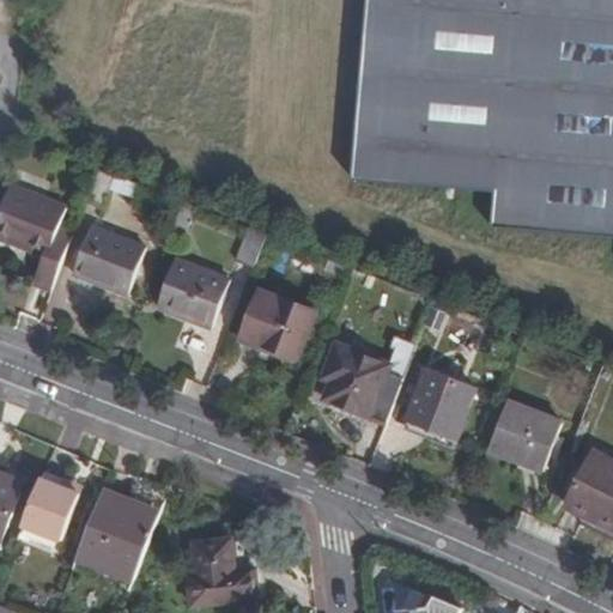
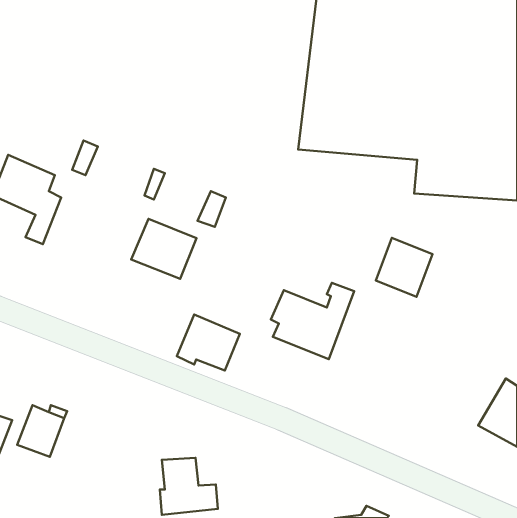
building: [72,224,144,293] -> none
building: [239,287,314,353] -> [177,315,240,371]
building: [406,365,473,435] -> [376,238,433,297]
building: [485,400,558,468] -> none
building: [72,497,156,587] -> none

